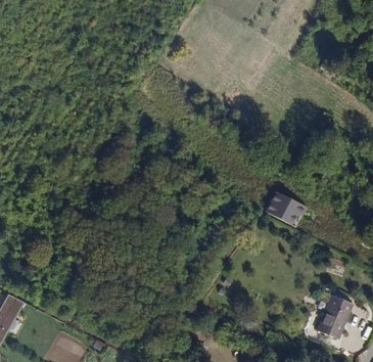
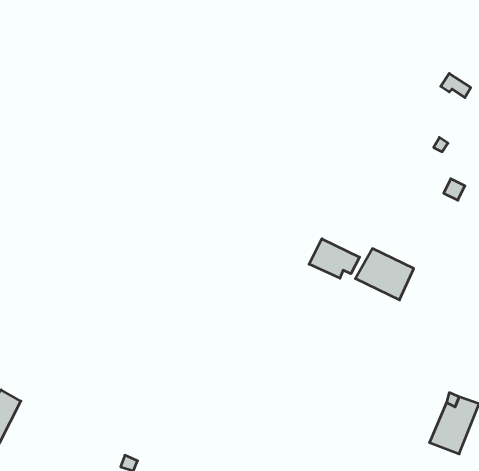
building: none -> [309,239,360,278]

